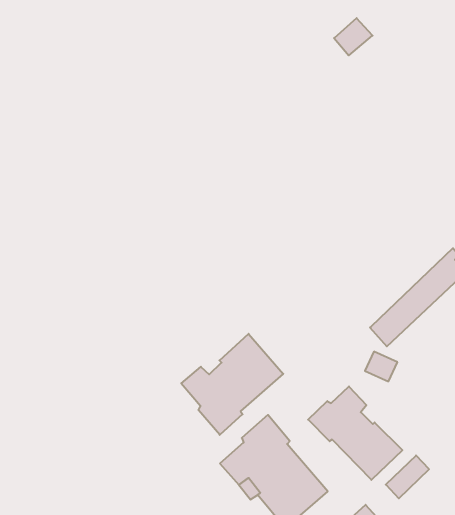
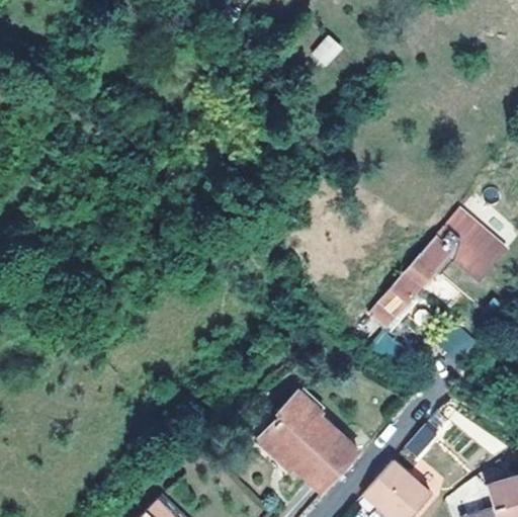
building: [181,334,283,435] -> none
building: [308,386,402,480] -> none

